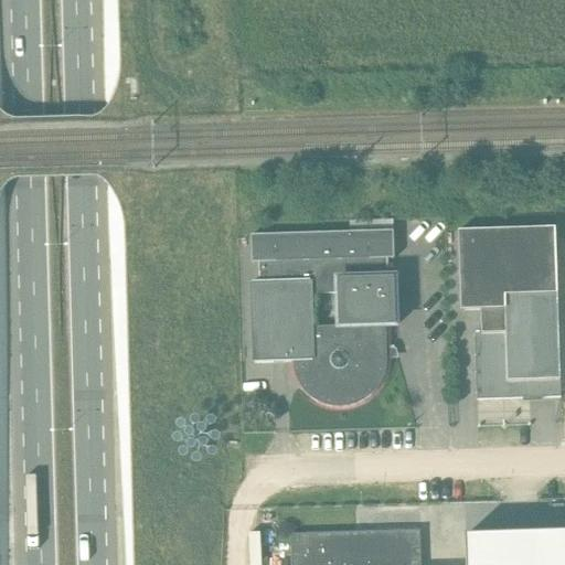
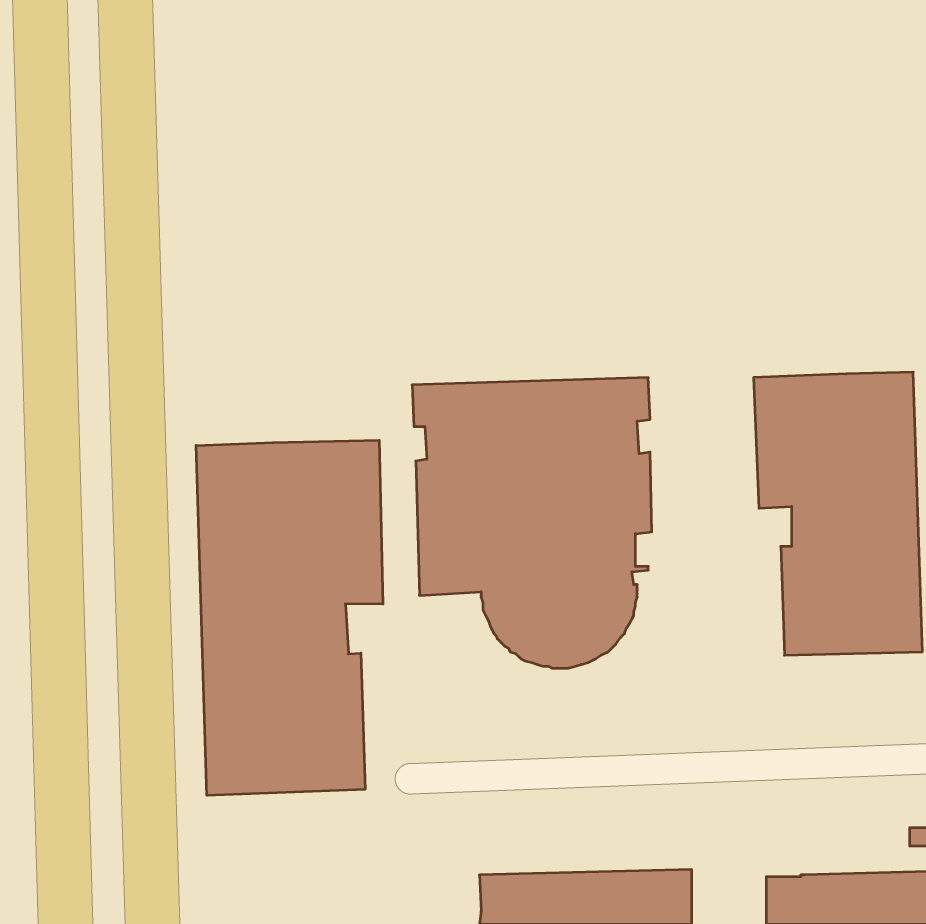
building: none -> [196,440,383,795]

